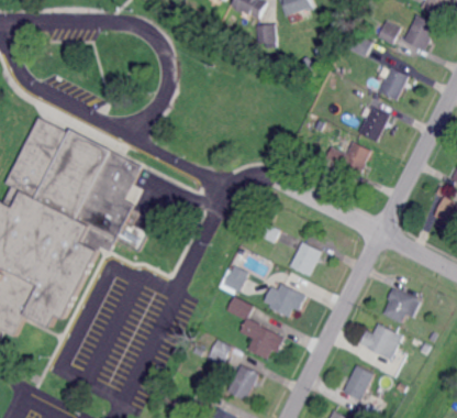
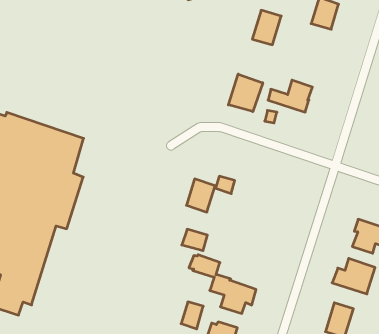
building: [357,107,389,142] -> [252,10,281,45]
building: none -> [228,74,263,112]
building: [291,241,322,275] -> [186,179,215,212]
building: [269,283,301,317] -> none

